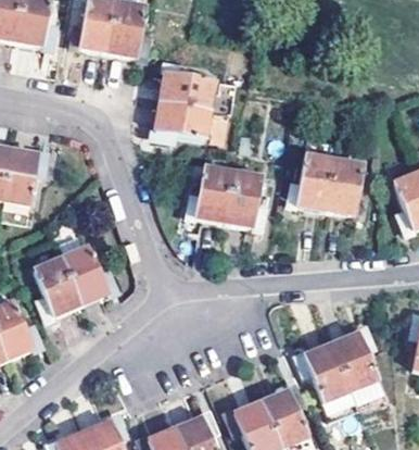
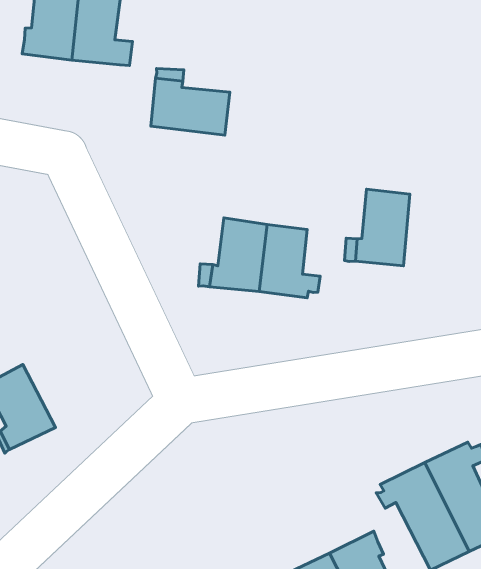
building: [152,100,208,138] -> none
building: [325,159,361,213] -> none
building: [58,235,115,302] -> none

